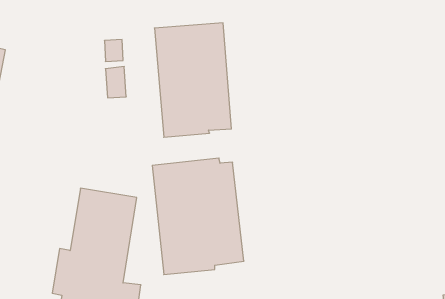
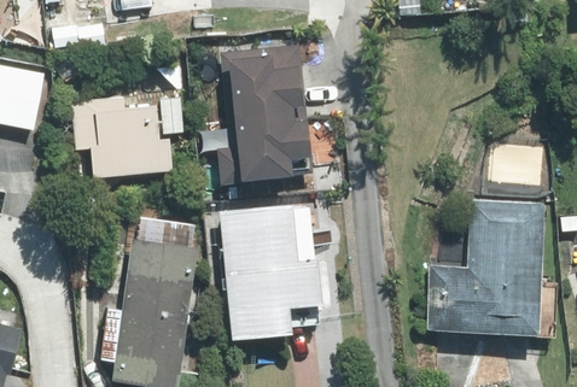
building: none -> [69,98,171,177]
building: none -> [430,199,543,333]

